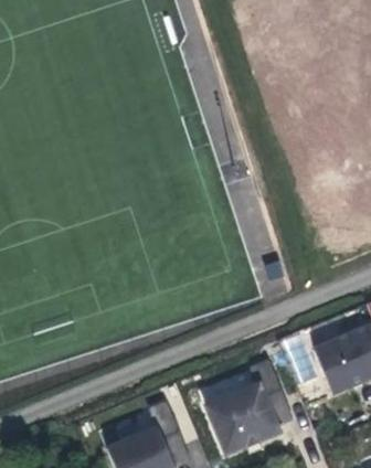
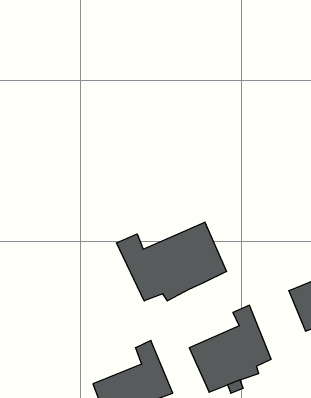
building: none -> [117,222,226,301]

